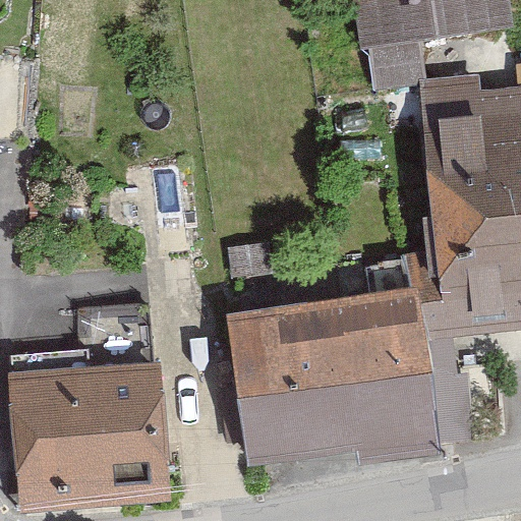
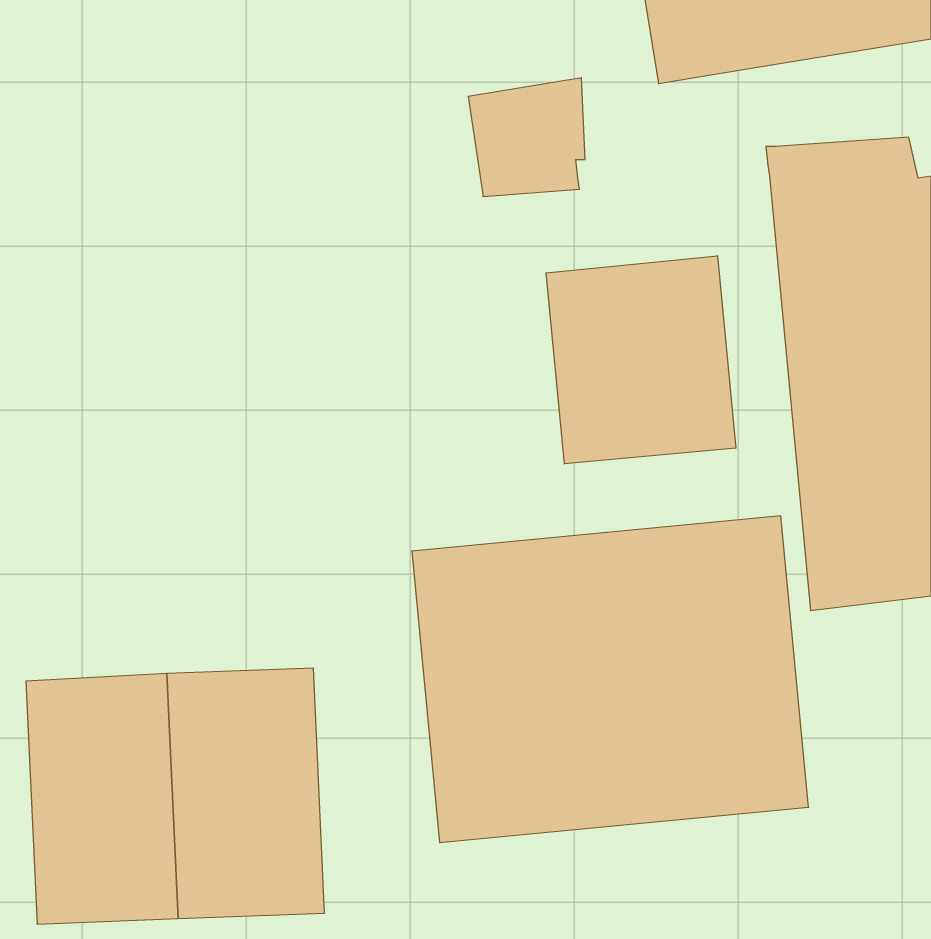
building: [361,36,425,101] -> [468,78,585,197]
building: none -> [546,256,736,464]

